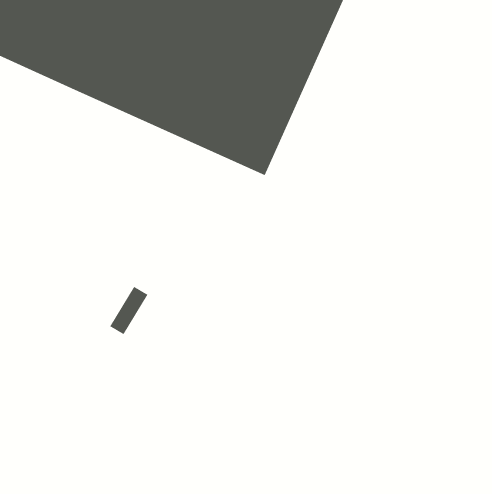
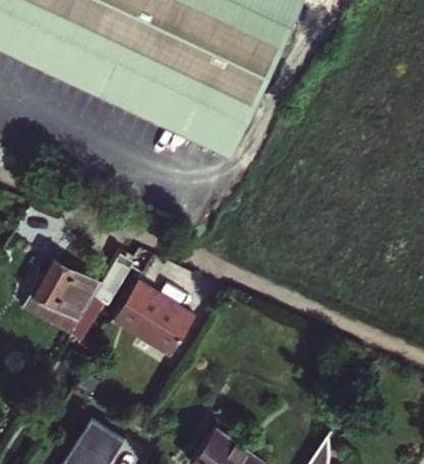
building: none -> [24,258,100,334]
building: none -> [113,282,193,356]

